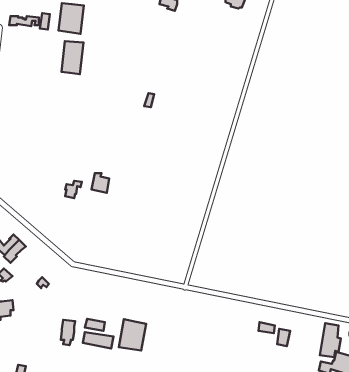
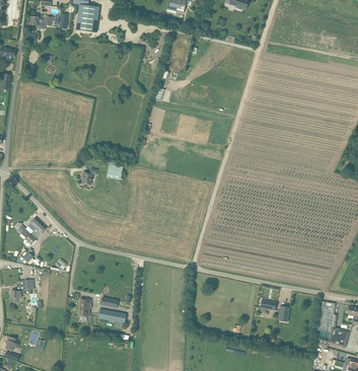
building: [62,41,83,74] -> none
building: [119,319,146,350] -> none

